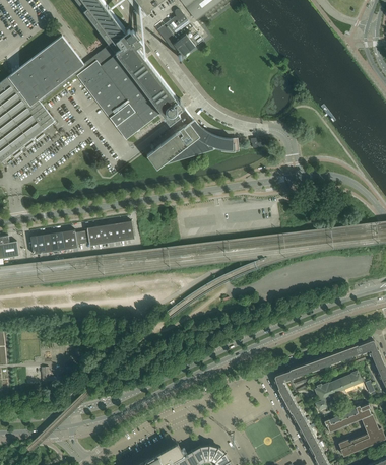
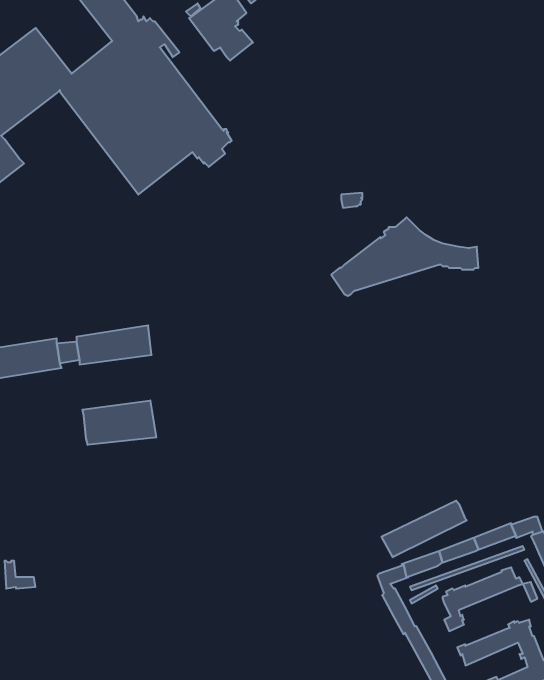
building: [146,120,238,169] -> [331,217,478,296]
building: none -> [82,400,156,445]
building: none -> [382,501,467,557]

